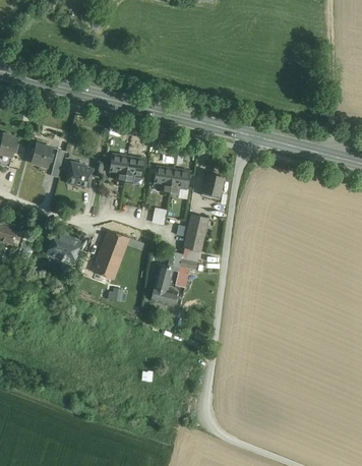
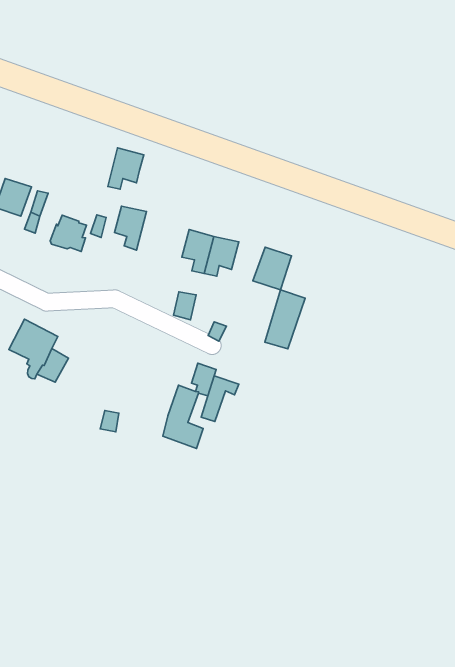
building: [124,156,145,182] -> [108,148,144,189]
building: [184,213,207,250] -> [265,290,305,349]
building: [94,230,127,278] -> none

